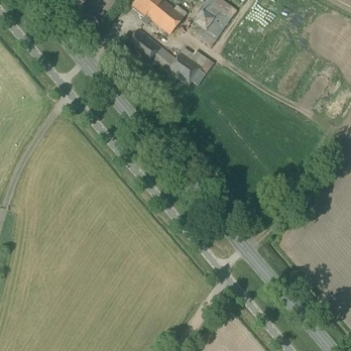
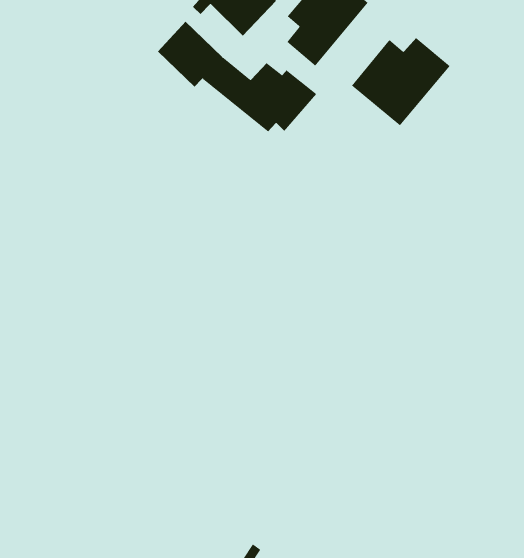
building: none -> [351,37,451,126]

